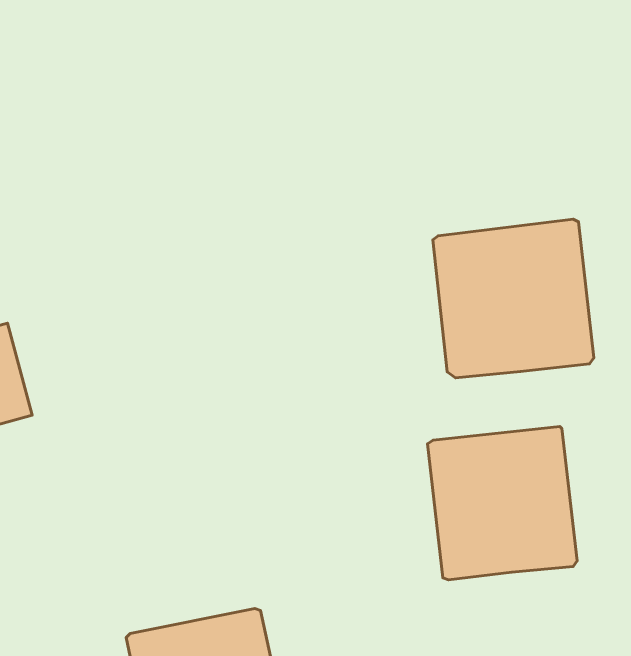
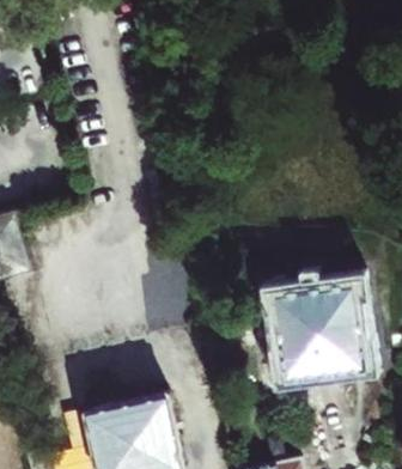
building: [433,219,594,378] -> none

